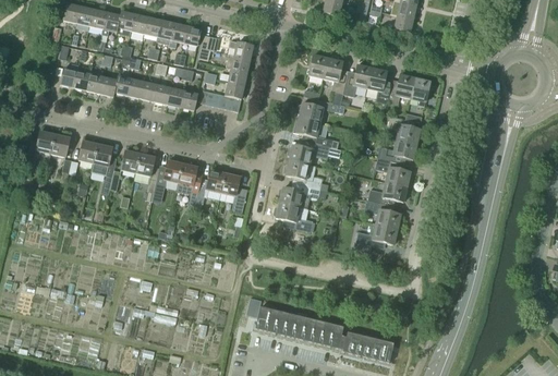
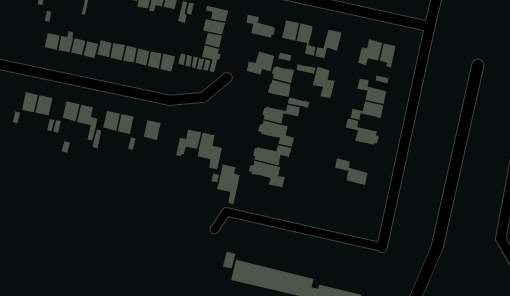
building: none -> [246,14,276,38]
building: [367,69,392,104] -> [312,66,336,99]
building: none -> [246,51,275,76]
building: [177,163,203,207] -> [216,164,241,205]
building: [368,183,407,204] -> none
building: [354,225,397,252] -> none

